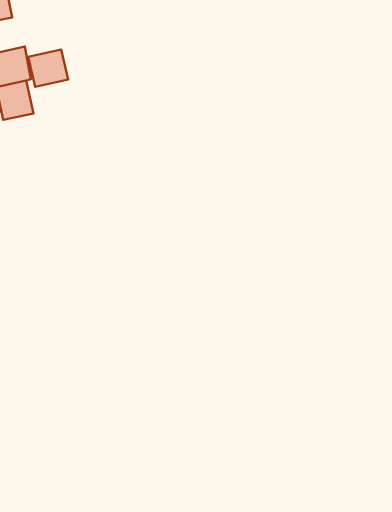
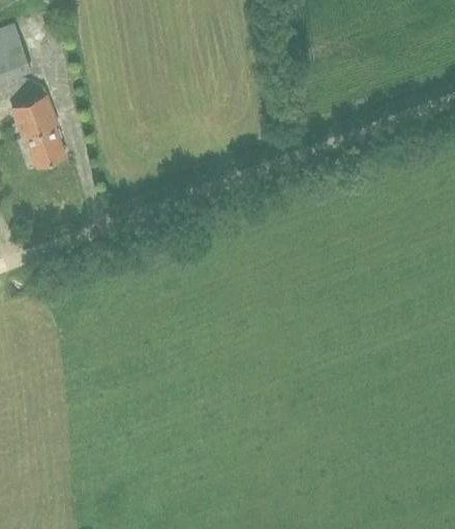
building: [28,49,68,87] -> none

